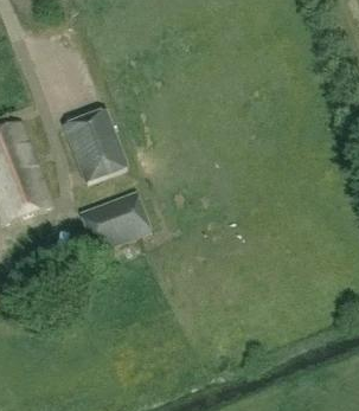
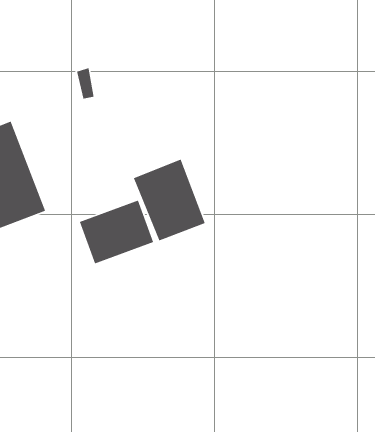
building: [60,107,127,182] -> [133,159,206,242]

